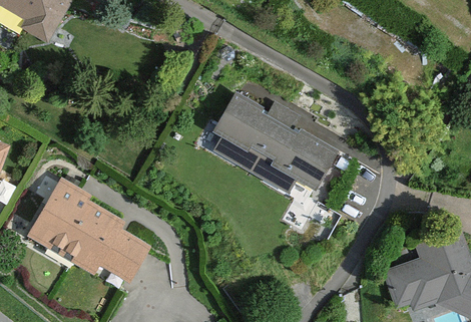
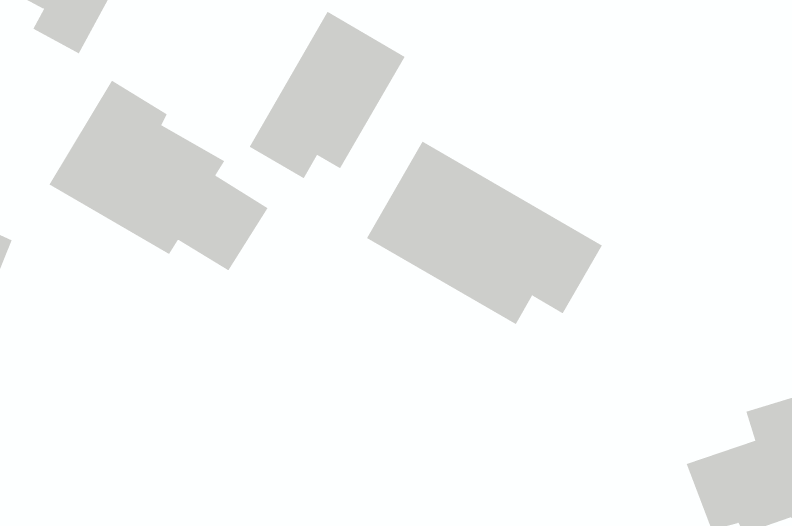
building: none -> [249,11,406,179]
building: [27,177,149,283] -> [48,80,269,271]

